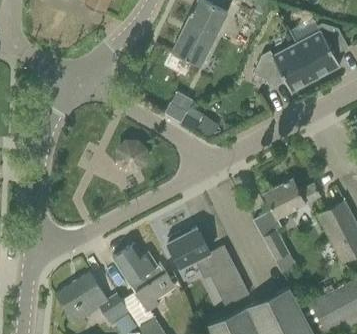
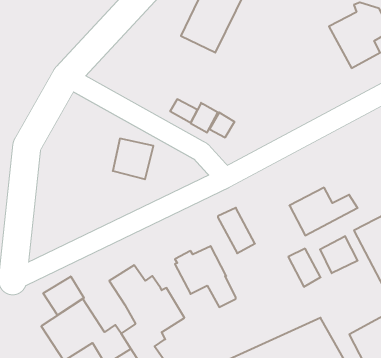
building: [253,44,315,93] -> none
building: none -> [320,236,358,273]
building: none -> [43,276,84,315]
building: [218,264,249,302] -> [218,208,255,253]

